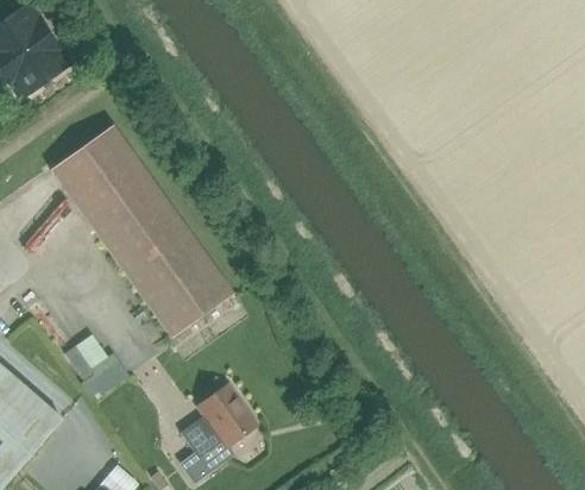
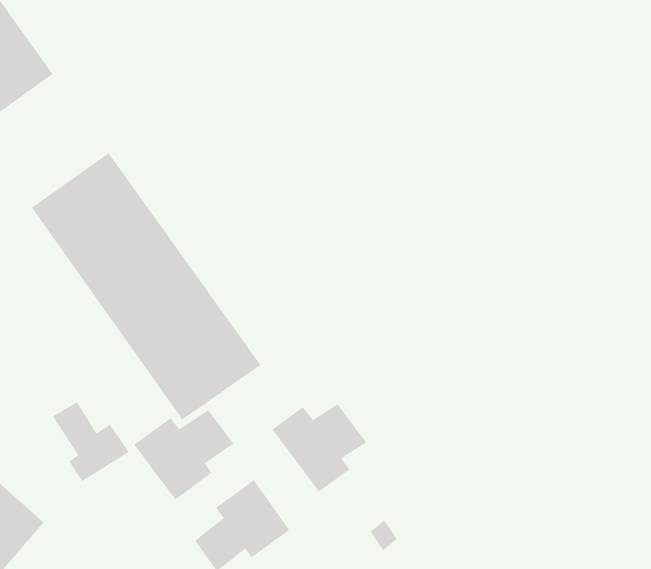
building: none -> [272,403,367,493]
building: none -> [133,409,235,500]

